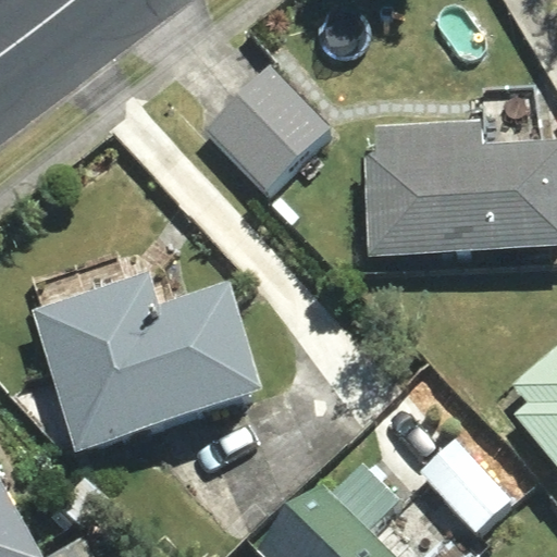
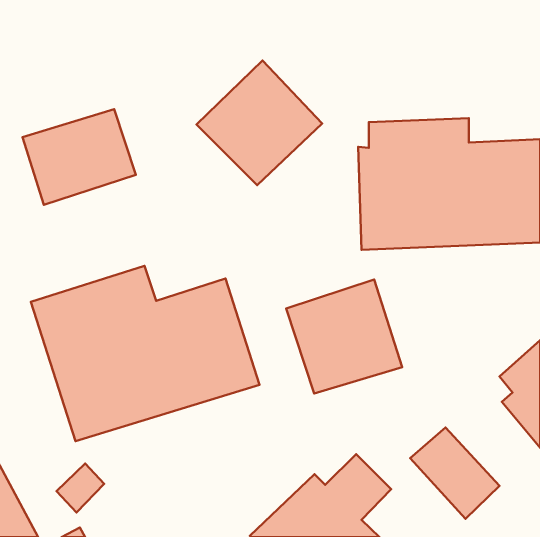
building: none -> [22,109,136,205]
building: none -> [286,280,402,394]

